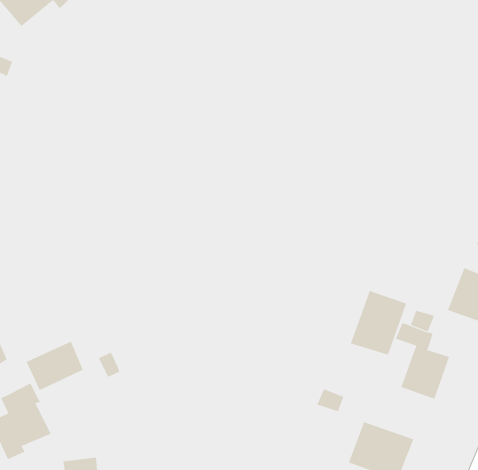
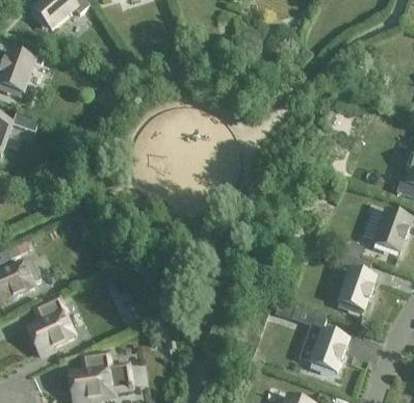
building: [350,290,407,356] -> none
building: [26,341,83,391] -> none

